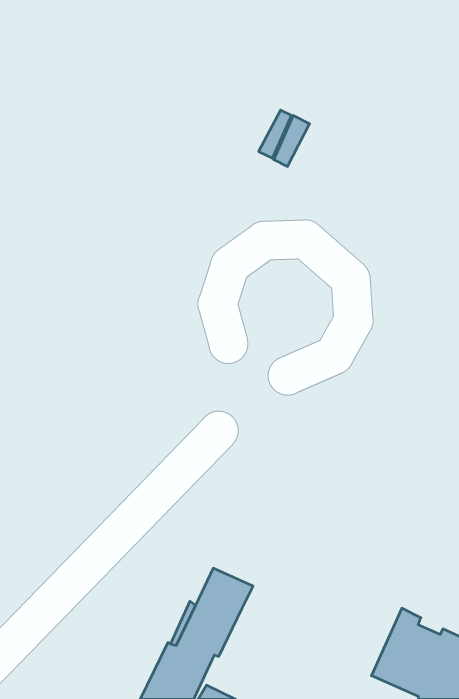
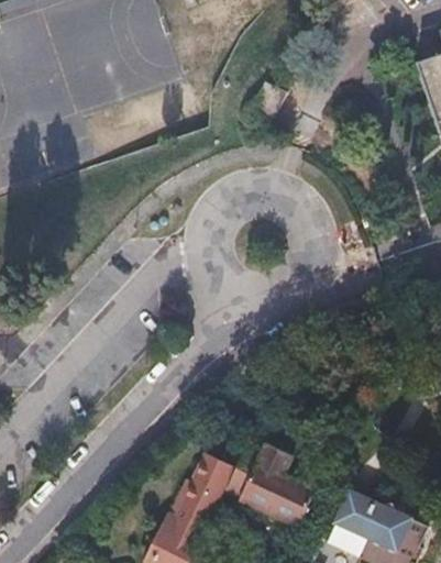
building: none -> [228,442,320,523]

